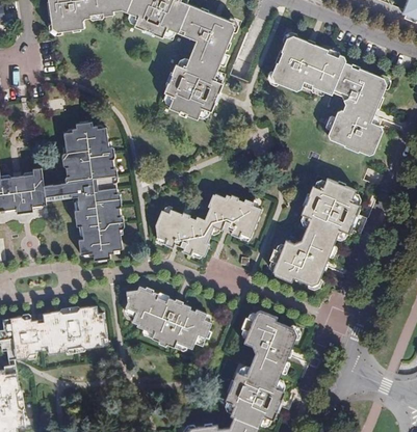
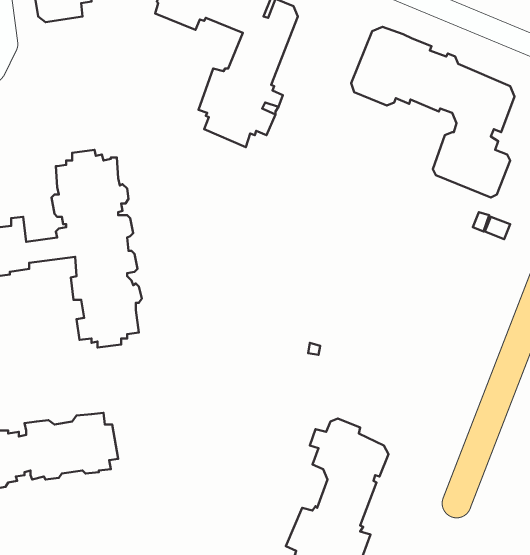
building: [269,177,360,285] -> none
building: [154,193,261,255] -> none
building: [124,286,212,348] -> none

